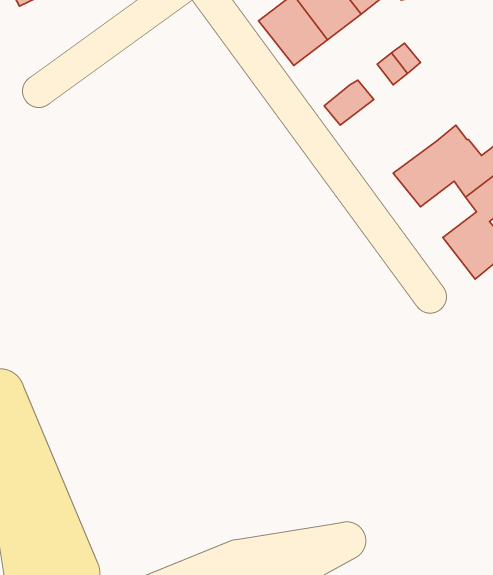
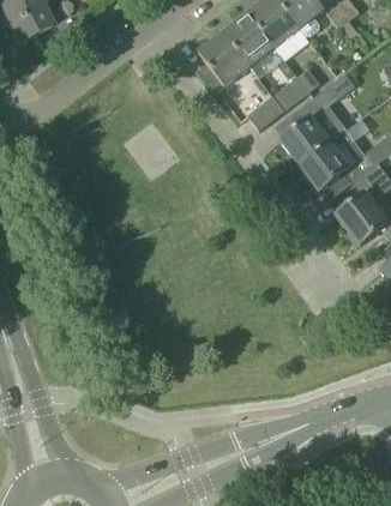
building: none -> [279,73,355,165]

